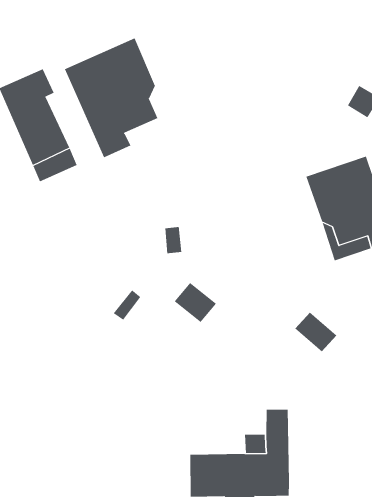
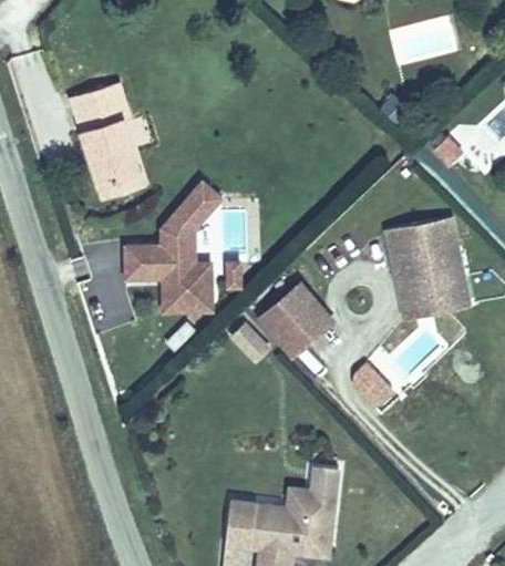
building: [64,38,158,158] -> none
building: none -> [126,178,227,317]
building: none -> [258,282,340,363]

